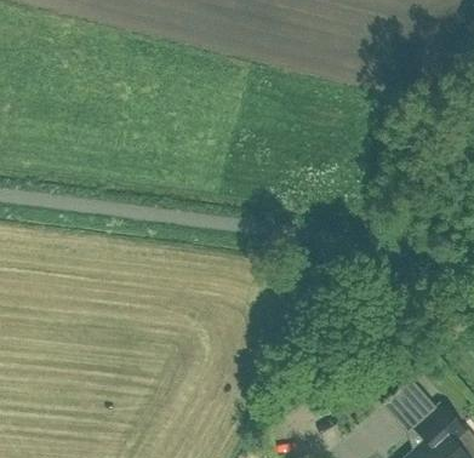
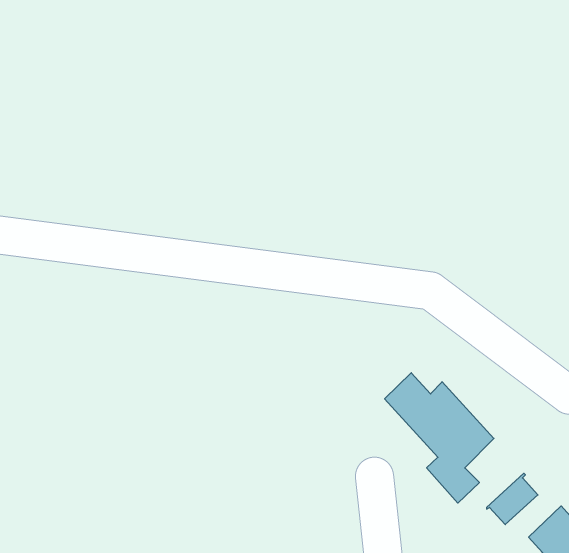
building: none -> [385,373,494,503]

